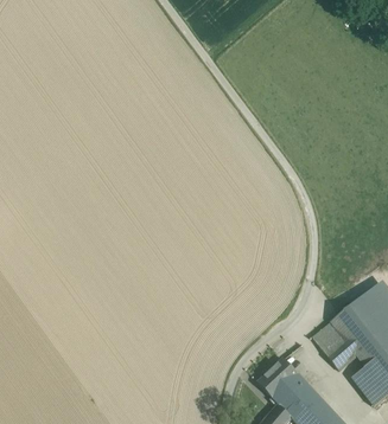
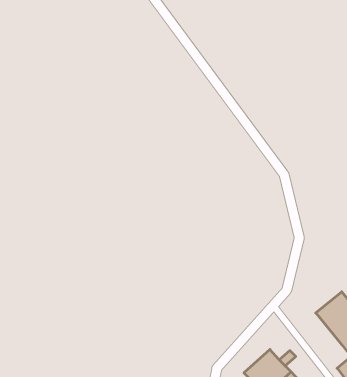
building: [312,321,356,370] -> none

